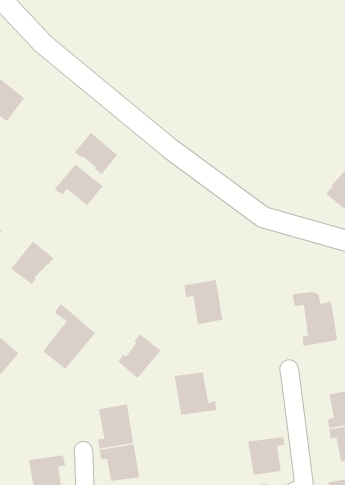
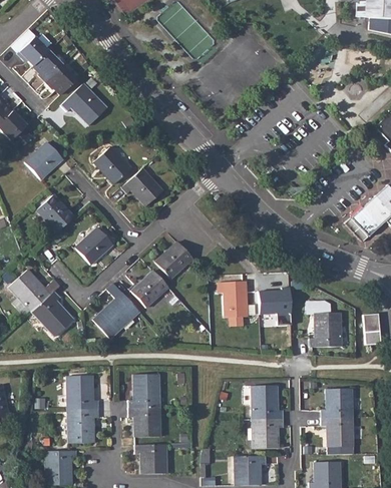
building: [73,132,118,175] -> [93,147,130,184]
building: none -> [155,240,193,279]
building: none -> [258,287,294,326]
building: [117,333,161,379] -> [130,270,168,308]
building: [174,371,217,416] -> [252,385,284,419]
building: none -> [67,376,98,409]

